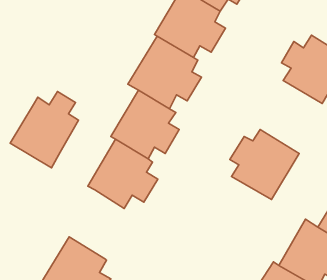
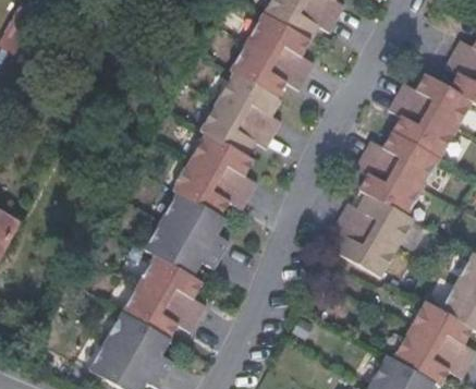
building: none -> [351,129,435,215]
building: [10,91,79,168] -> none
building: none -> [121,263,206,348]

